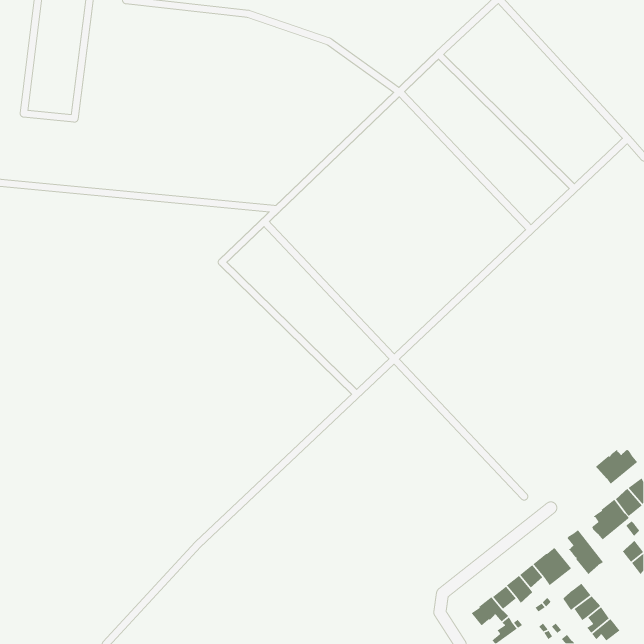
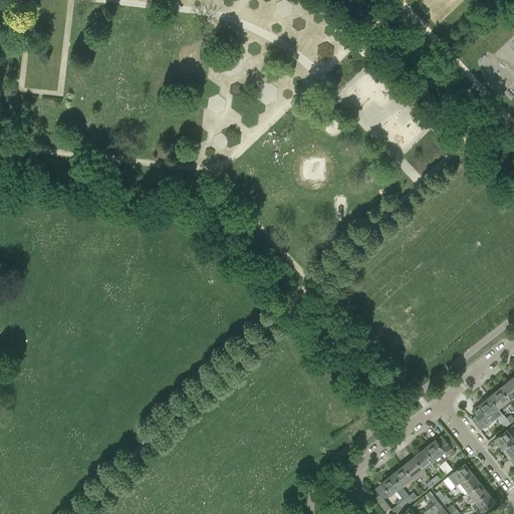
building: [595,448,638,485] -> none
building: [567,529,604,576] -> none

